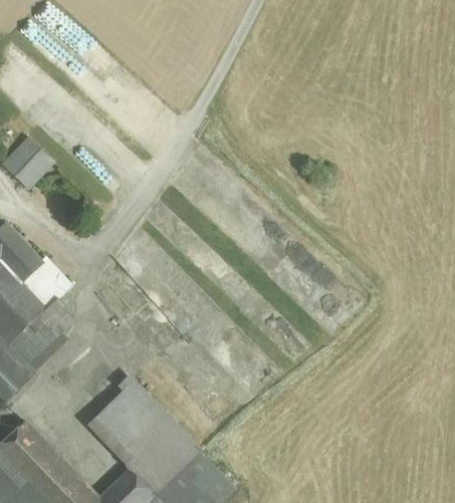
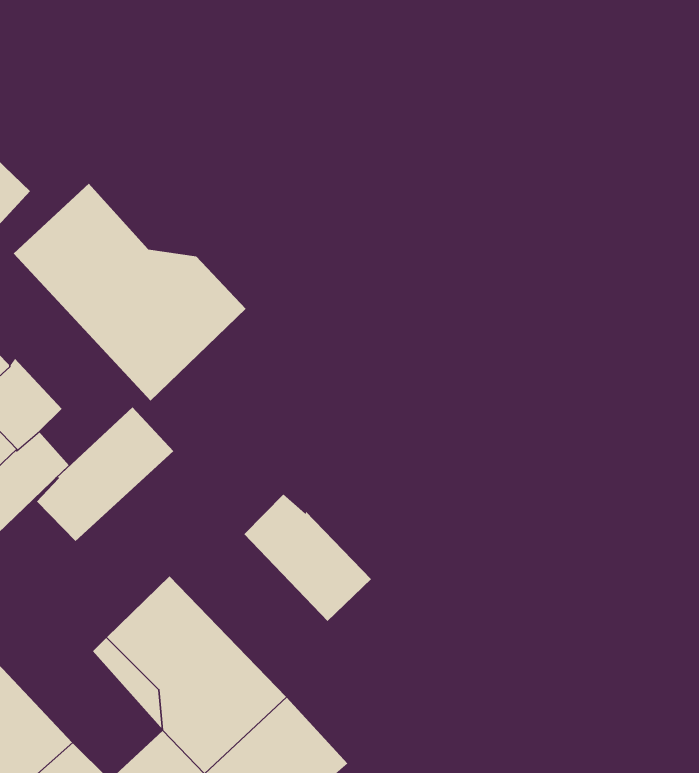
building: none -> [13,183,246,402]
building: none -> [36,407,174,542]
building: none -> [244,494,372,622]

